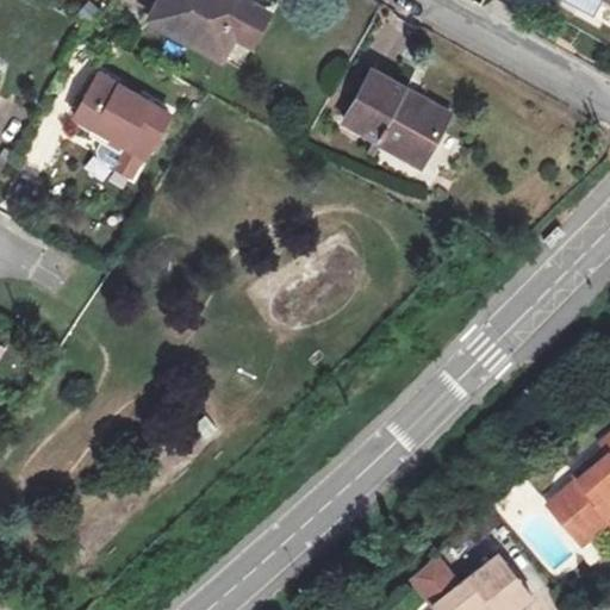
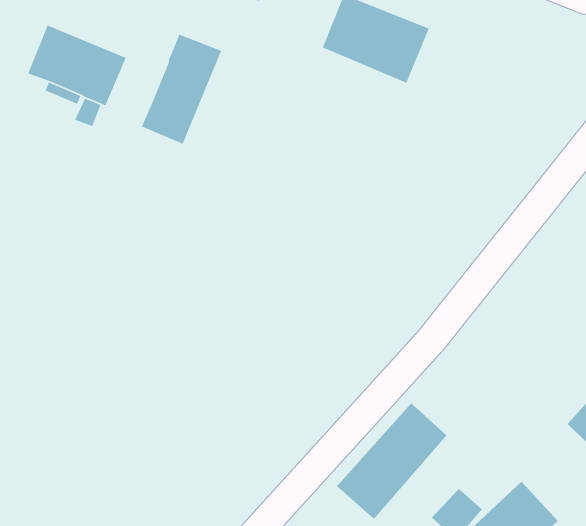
building: none -> [141,33,222,145]
building: none -> [336,402,448,520]

